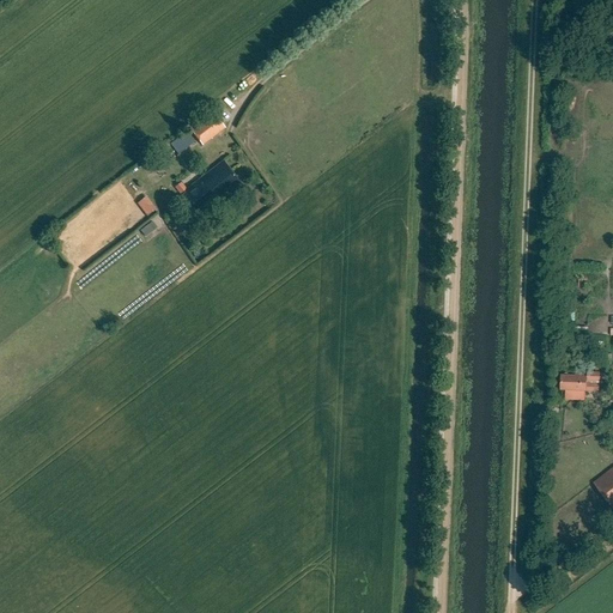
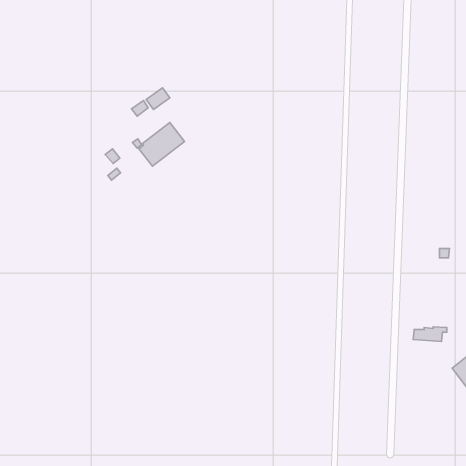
building: [562,372,606,392] -> [413,327,447,341]

